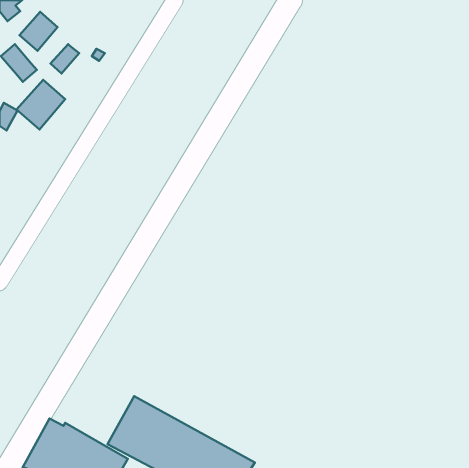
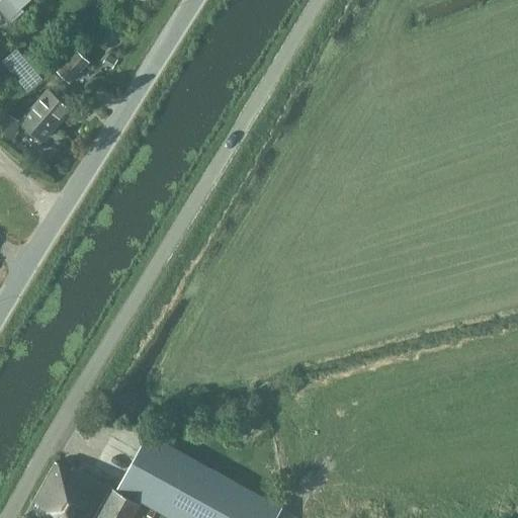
building: [19,12,57,51] -> none

